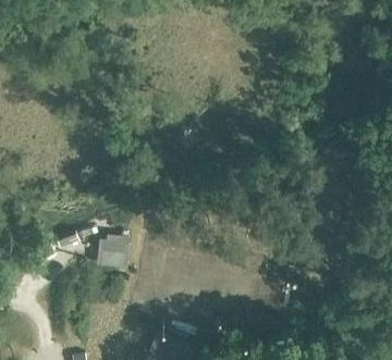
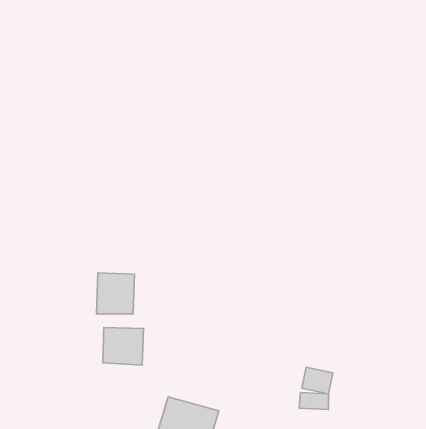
building: none -> [103,327,143,365]

